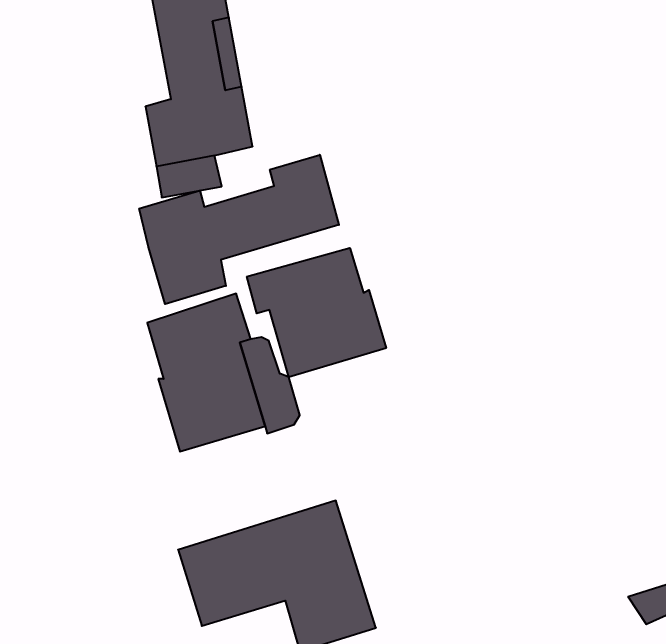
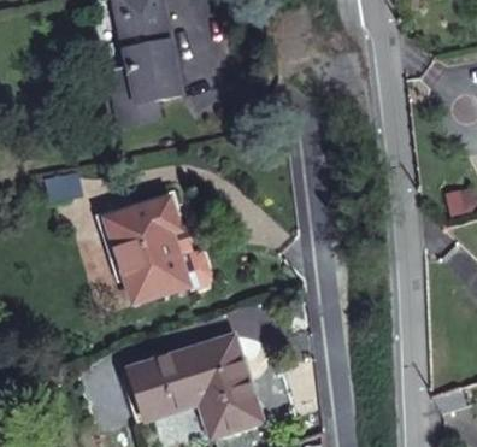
building: [139,155,339,304] -> none
building: [247,248,386,377] -> none

